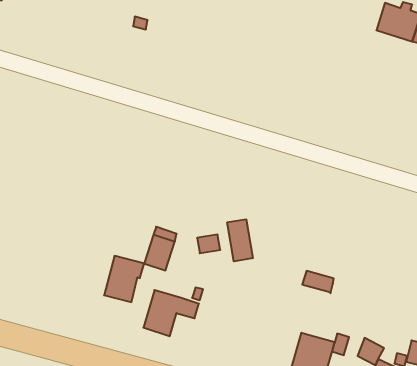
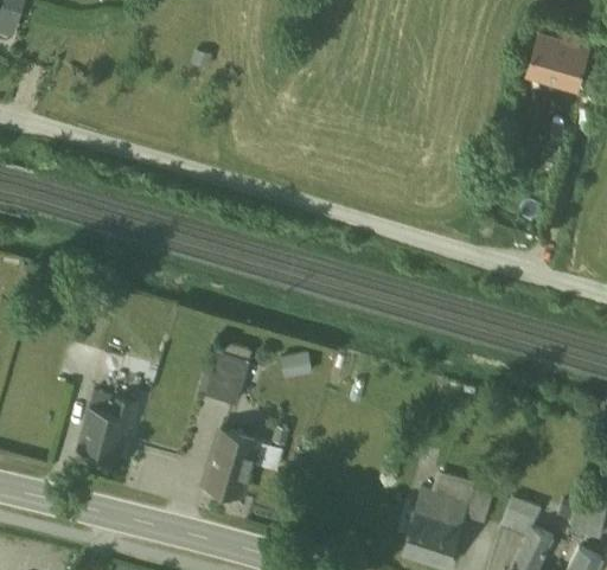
building: [227,219,253,261] -> none
building: [104,256,144,302] -> [78,395,134,459]
building: [302,271,334,293] -> [430,474,474,505]

